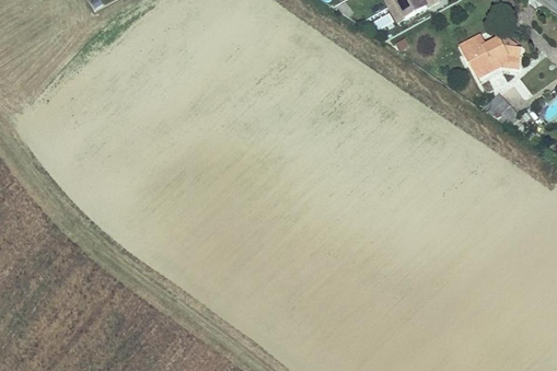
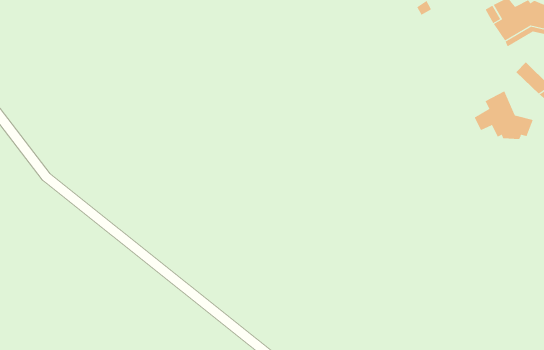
building: none -> [474,90,534,140]

